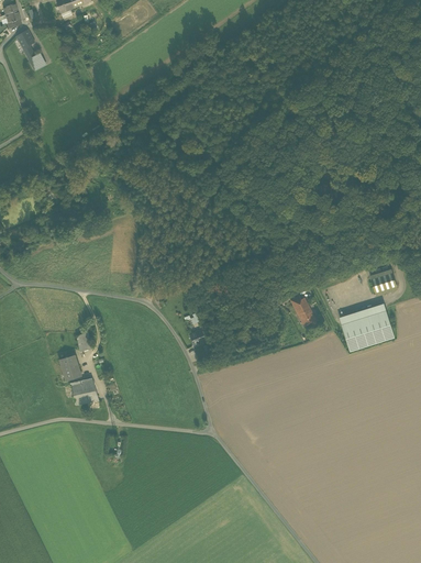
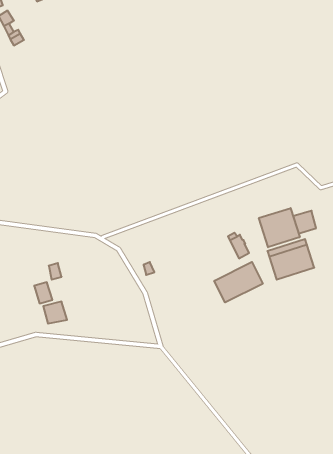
building: none -> [259,208,300,247]
building: none -> [214,262,263,302]

